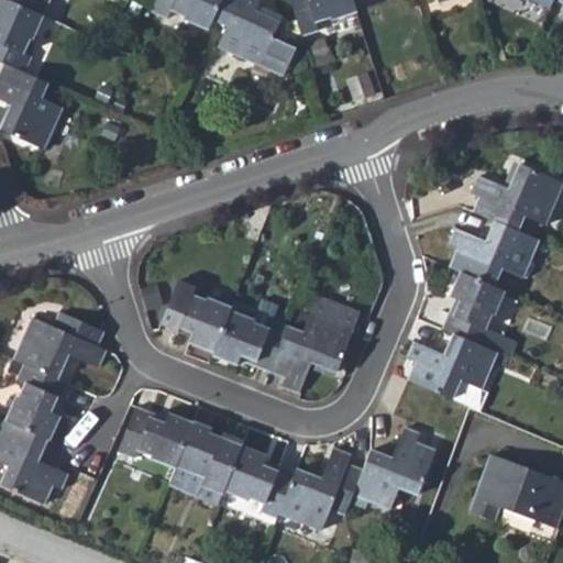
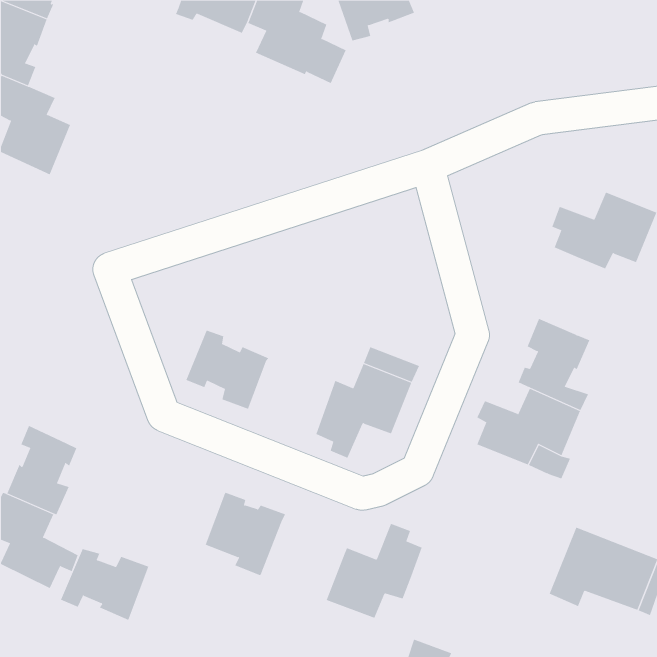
building: [449,221,538,287] -> none
building: [212,310,287,372] -> none
building: [14,311,107,379] -> none
building: [117,407,192,468] -> [60,548,149,621]
building: [353,427,434,507] -> none
building: [224,446,295,518] -> none

